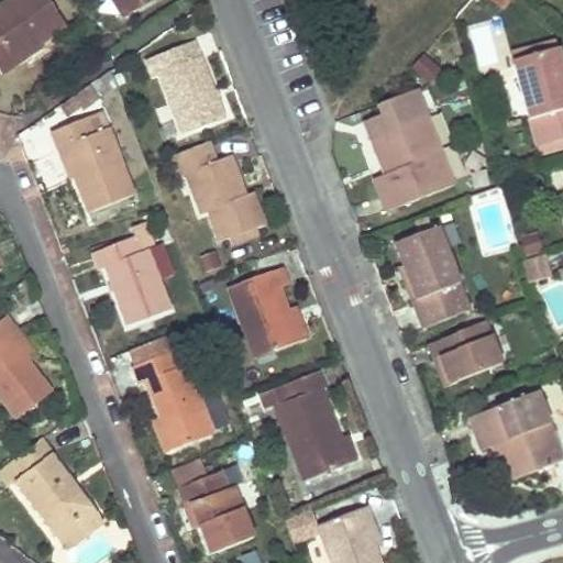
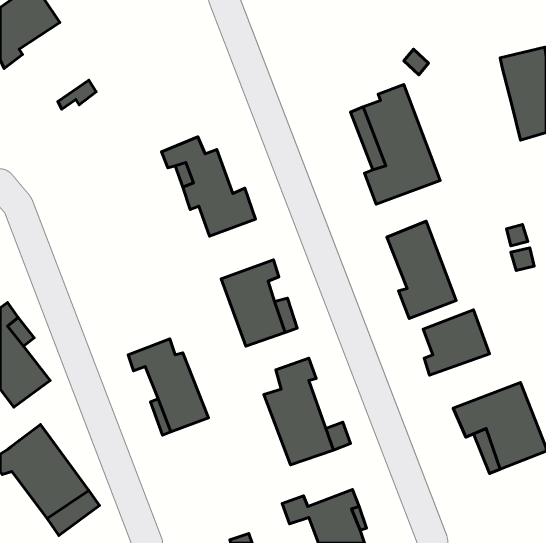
building: [158,42,219,132] -> none
building: [49,113,137,208] -> none
building: [98,235,177,319] -> none
building: [179,468,258,545] -> none

